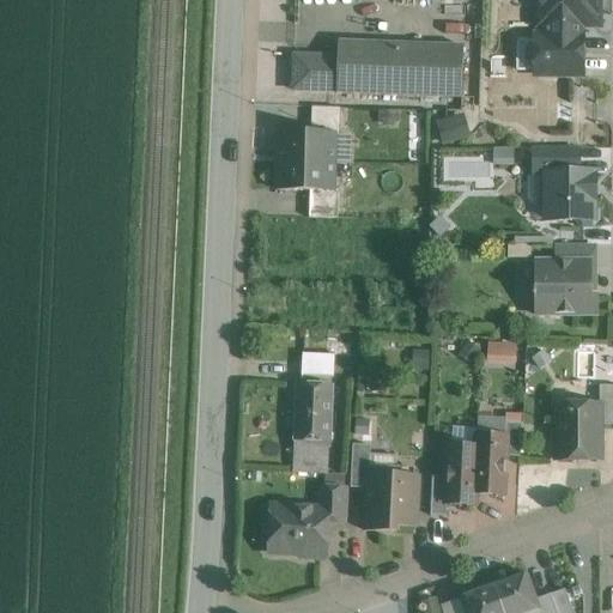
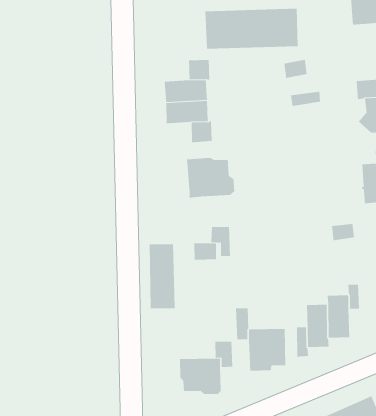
building: [292,54,338,89] -> none
building: none -> [187,157,235,198]
building: [292,382,332,472] -> [149,244,176,309]

